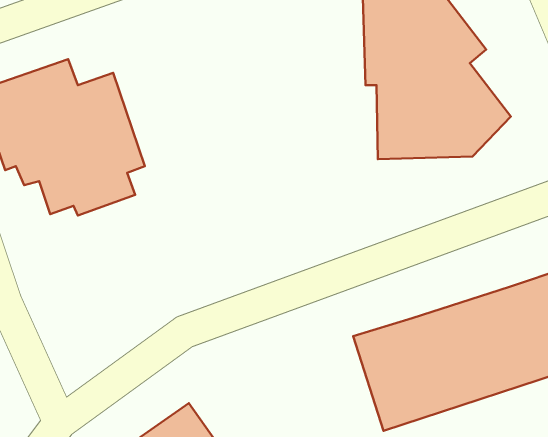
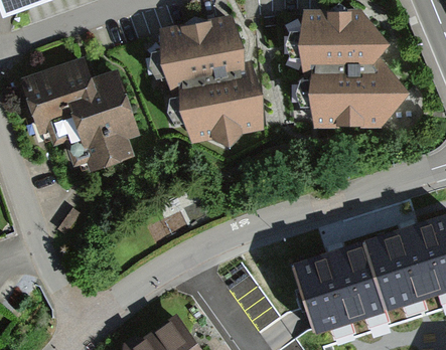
building: none -> [161,19,264,154]

